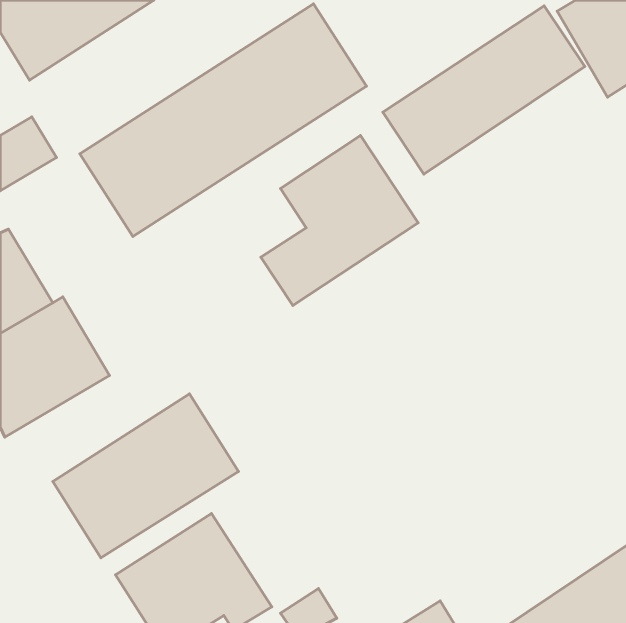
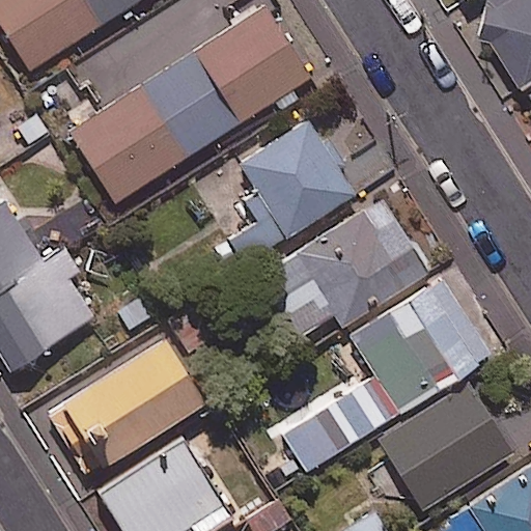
building: [383,6,585,174] -> none
building: none -> [272,198,428,338]
building: none -> [282,277,490,472]
building: none -> [379,384,512,509]

